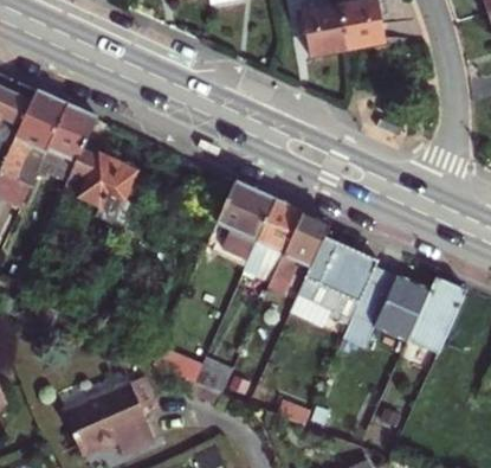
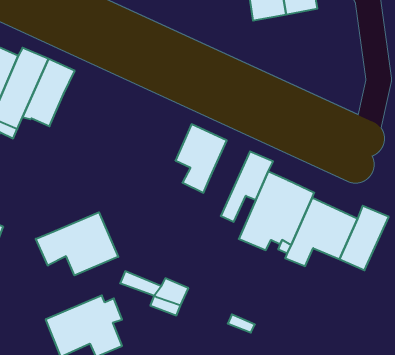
building: [64,145,138,225] -> none
building: [245,199,304,301] -> none
building: none -> [36,212,118,275]

